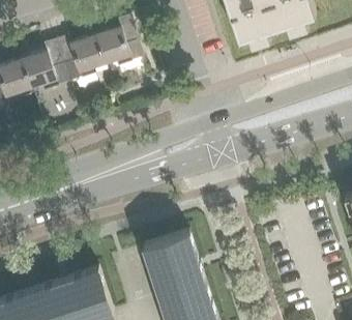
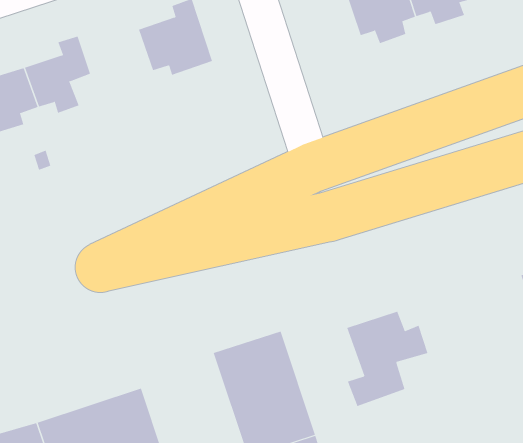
building: [54,35,102,77] -> none
building: none -> [346,311,428,407]

